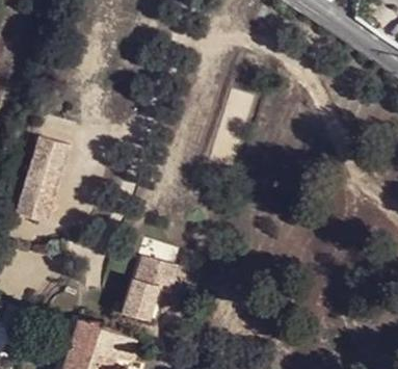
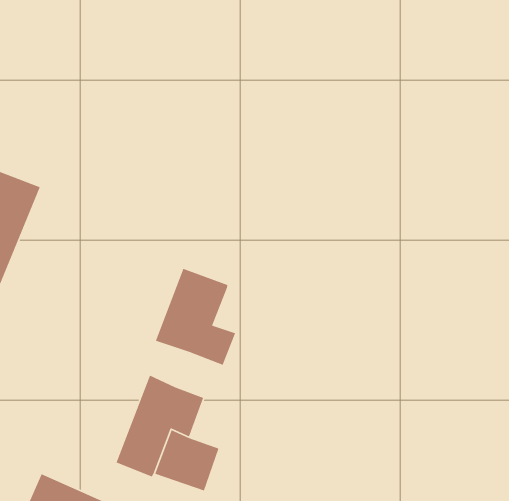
building: none -> [155,268,236,366]

